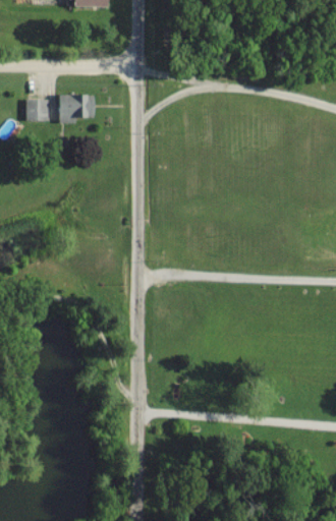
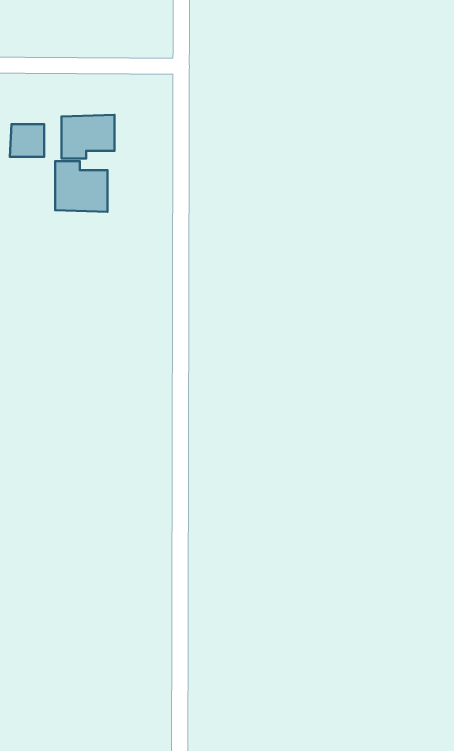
building: none -> [55,161,108,212]

